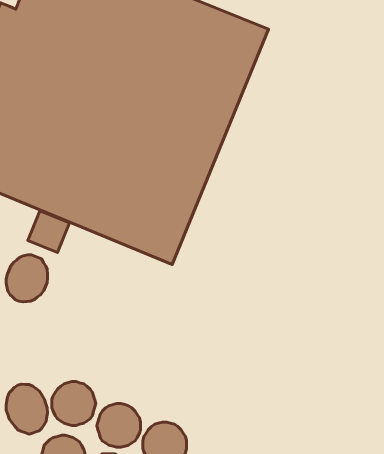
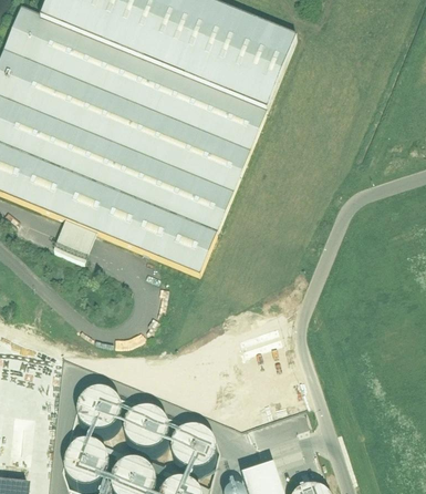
building: [6,255,48,302] -> none
building: [6,384,47,434] -> none

